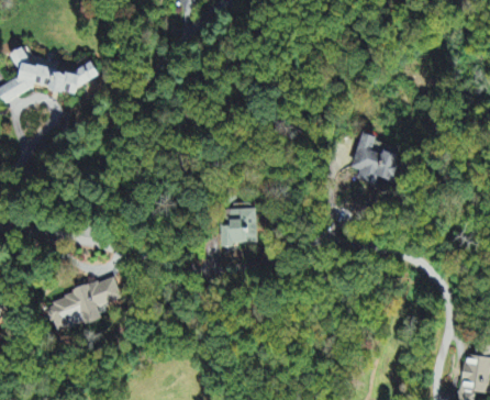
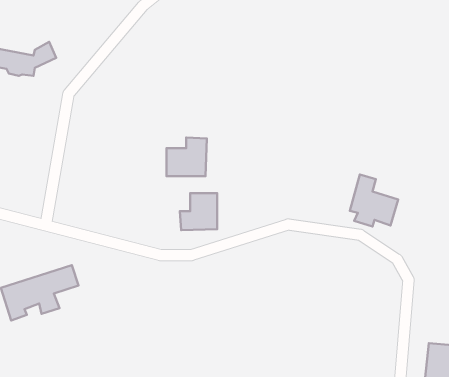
building: [352,132,399,182] -> [350,175,398,227]
building: none -> [167,137,207,176]

